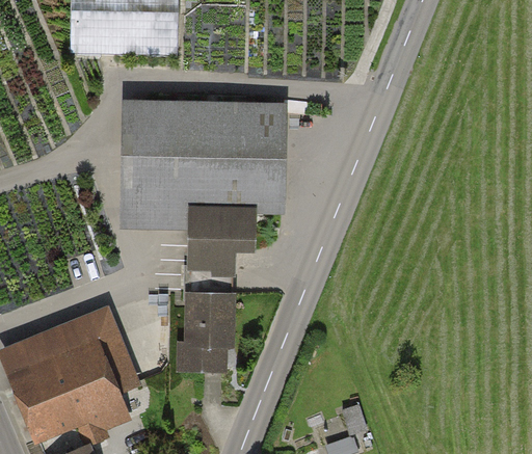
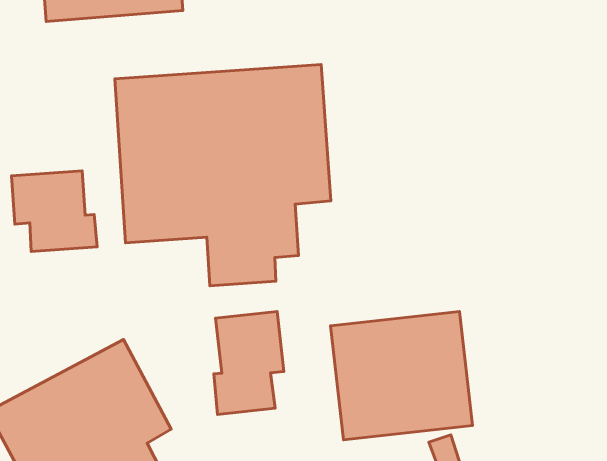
building: none -> [12,171,97,251]
building: none -> [331,312,473,440]

